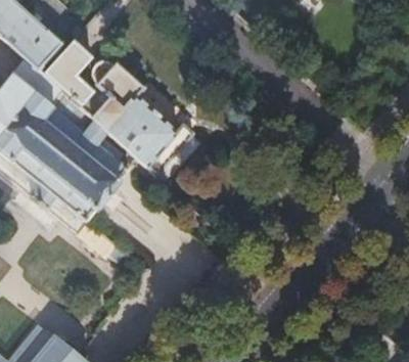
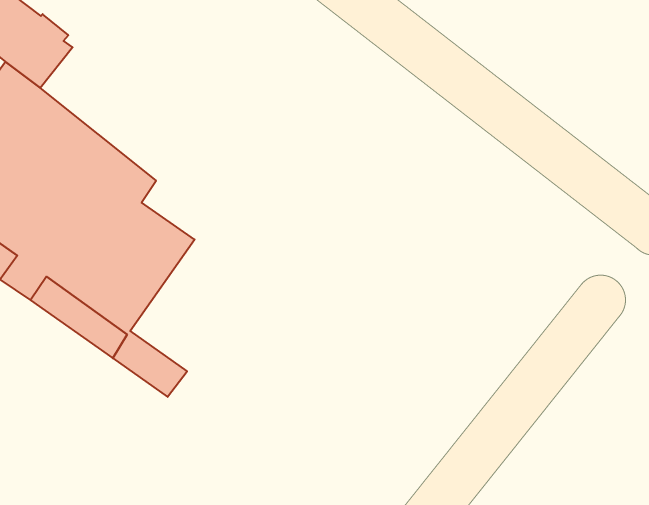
building: [44,37,194,172] -> none

